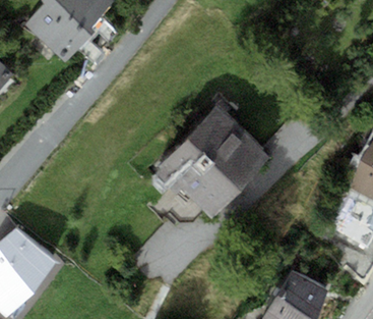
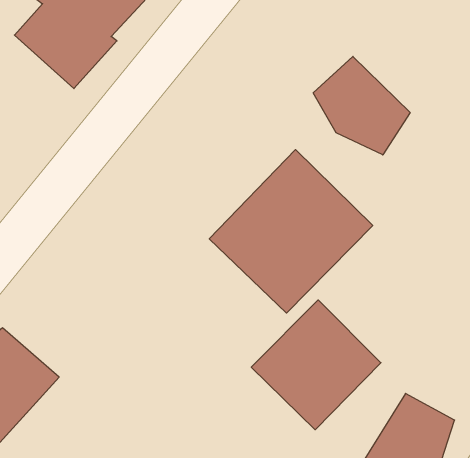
building: none -> [313,56,410,155]
building: none -> [251,300,381,430]

